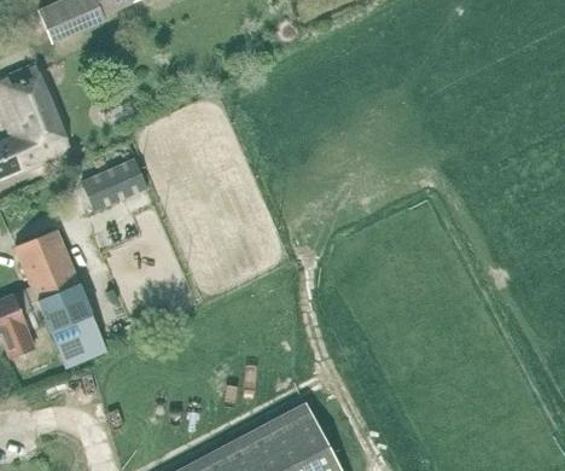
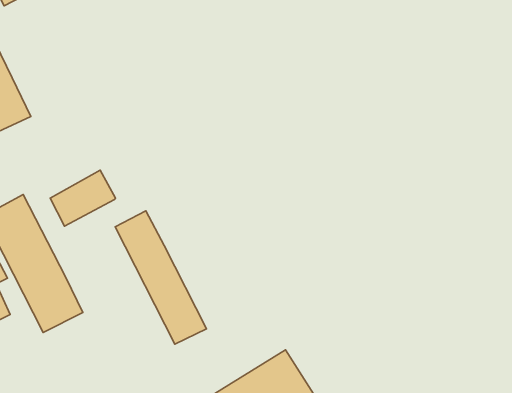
building: [83,158,148,211] -> [50,170,116,226]
building: none -> [115,211,207,344]

